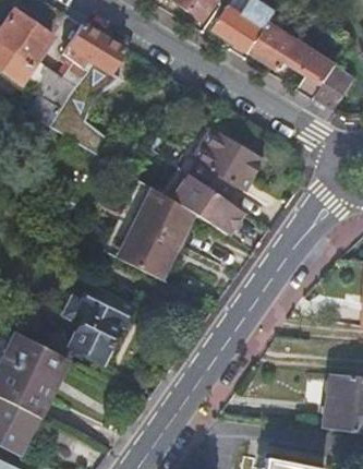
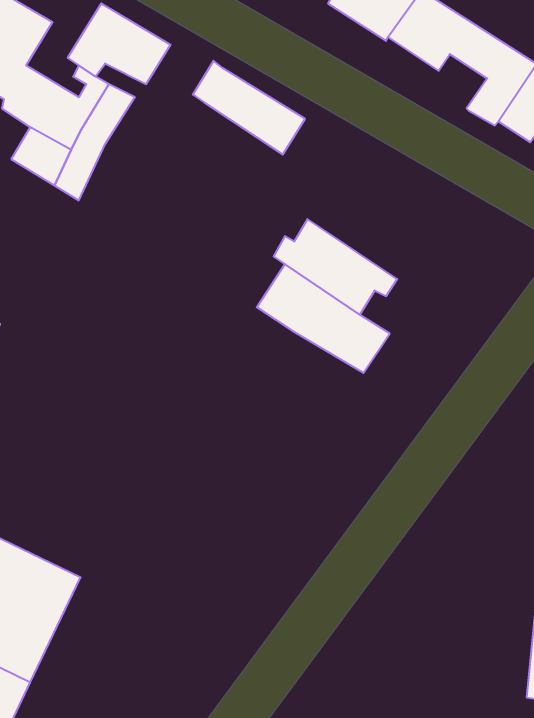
building: [201,131,266,185] -> [193,61,305,155]
building: [105,184,193,280] -> none
building: [60,285,142,364] -> none

